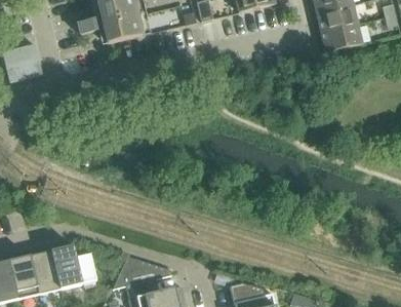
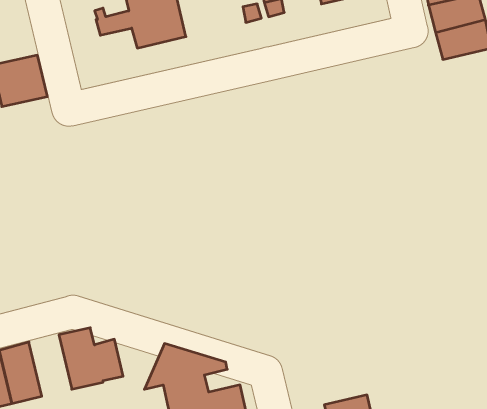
building: [30,250,61,294] -> none

